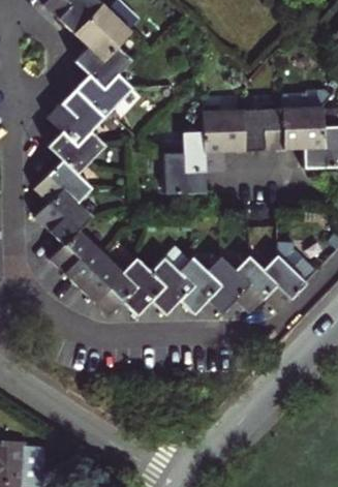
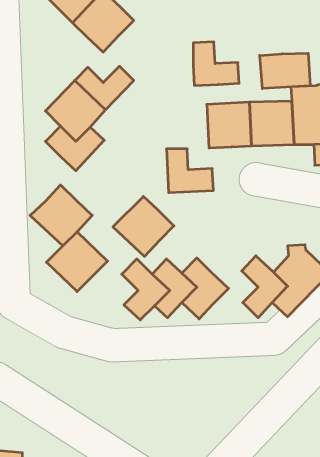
building: [73,45,133,90] -> none
building: none -> [260,53,310,89]
building: [183,131,226,173] -> [193,42,239,85]
building: [34,160,92,203] -> none
building: [206,255,250,313] -> none
building: [79,260,136,316] -> [113,196,174,256]

